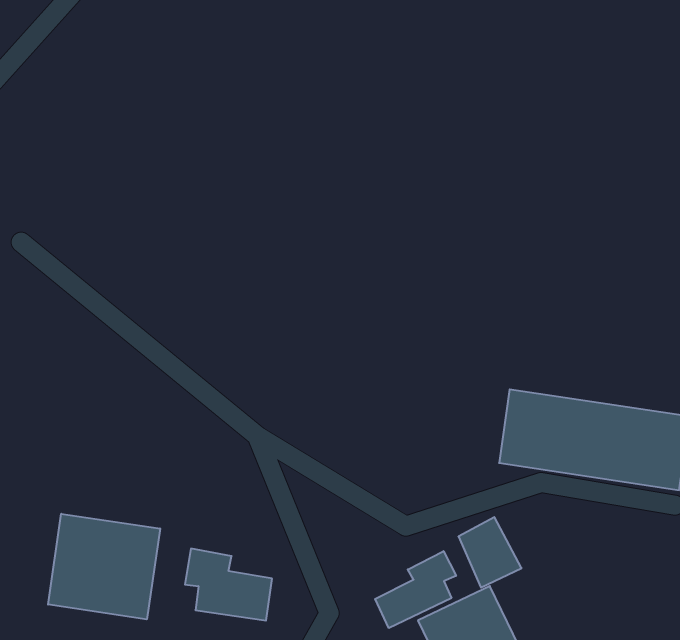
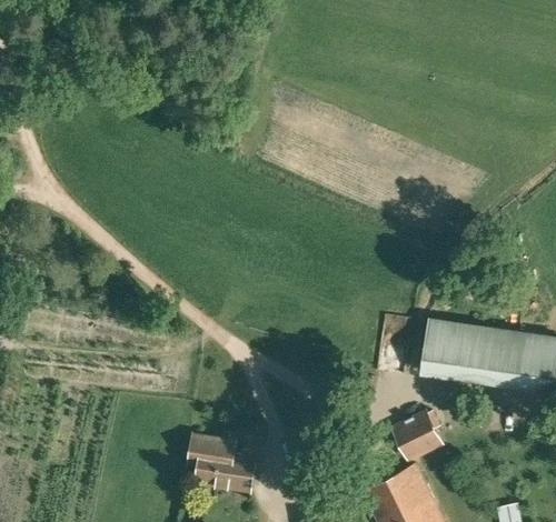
building: [48,514,160,619] -> none
building: [375,551,456,628] -> none

